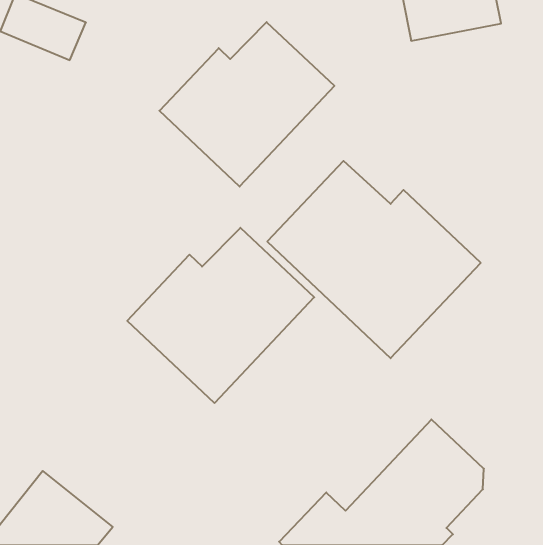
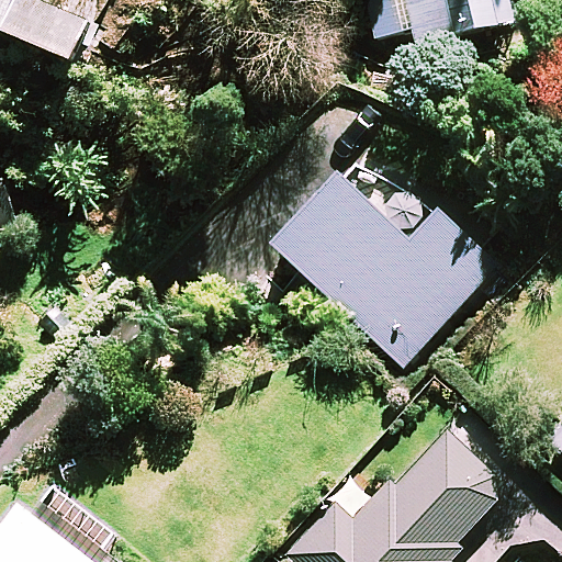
building: [159,22,334,187] -> none
building: [127,228,314,403] -> none

